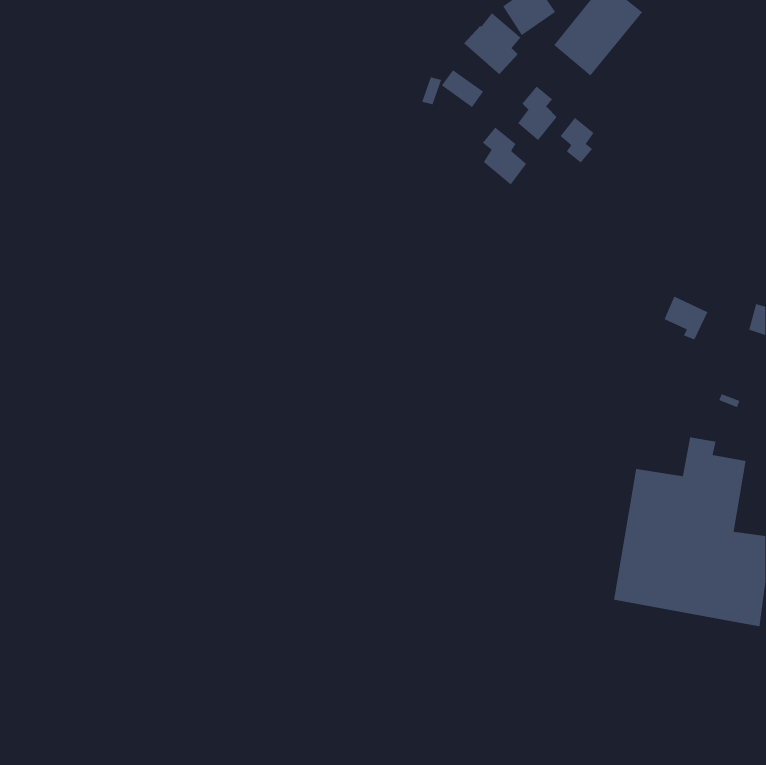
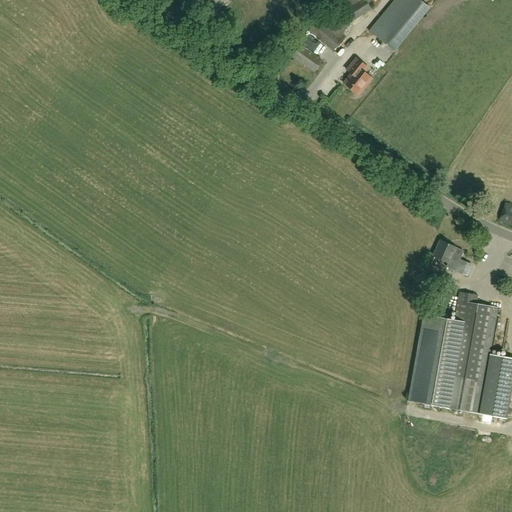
building: [560,117,594,164] -> none
building: [482,127,527,185] -> none
building: [663,295,708,340] -> [434,239,464,269]

